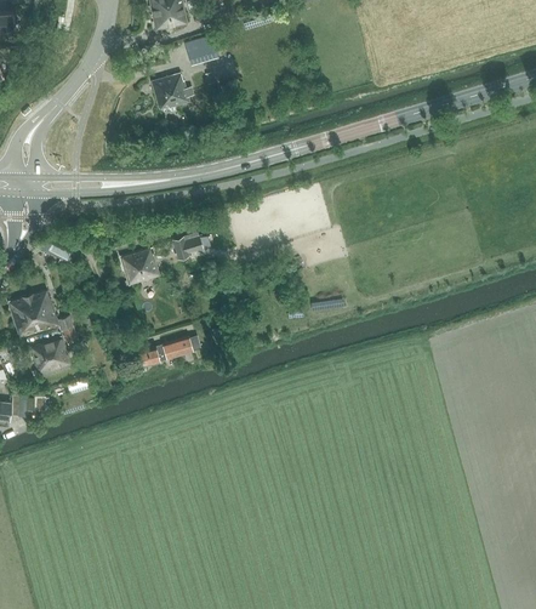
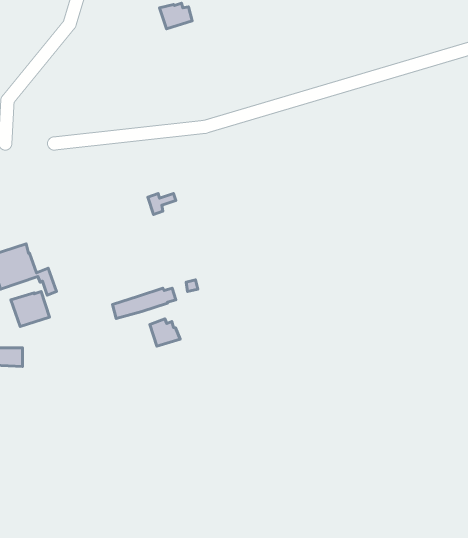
building: [152,72,193,108] -> none
building: [120,246,159,283] -> none
building: none -> [150,319,180,346]

